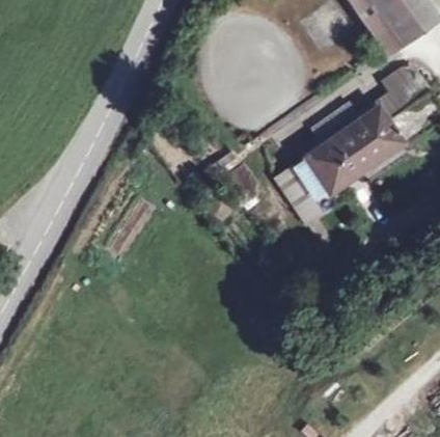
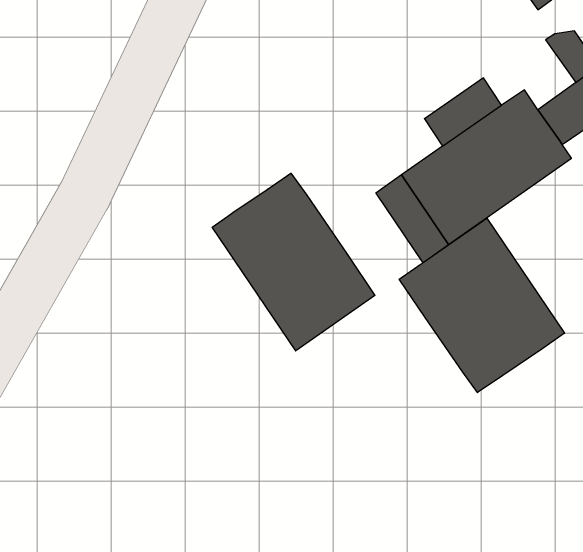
building: none -> [212,173,375,351]
building: none -> [399,218,565,393]

